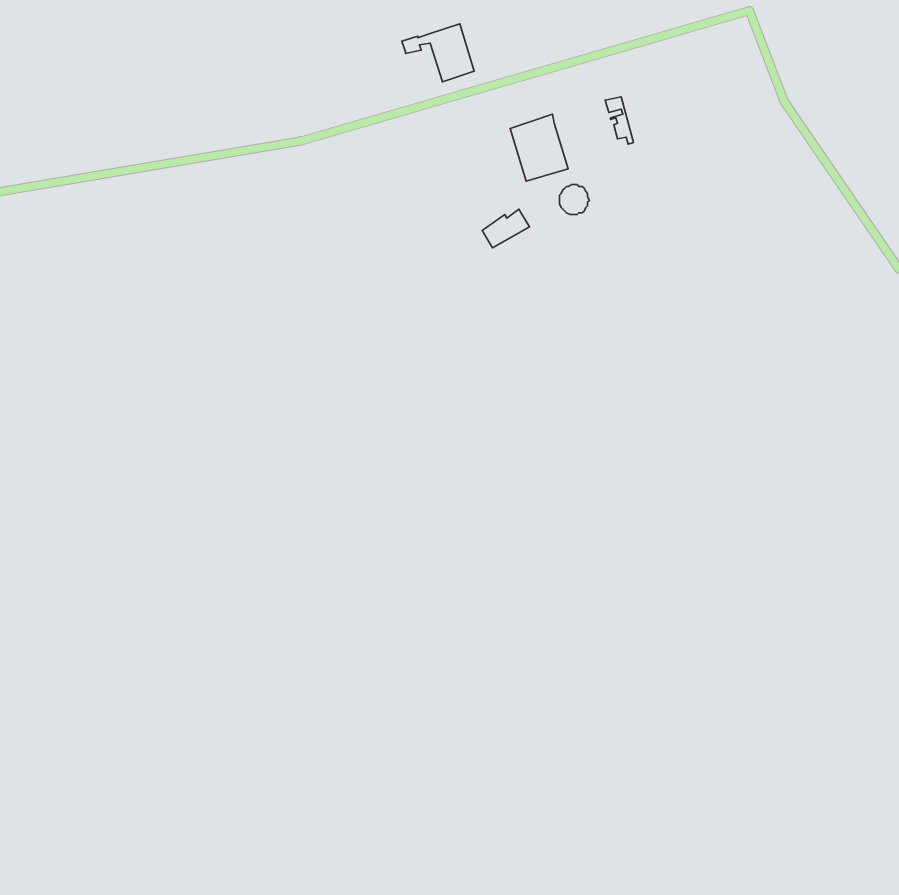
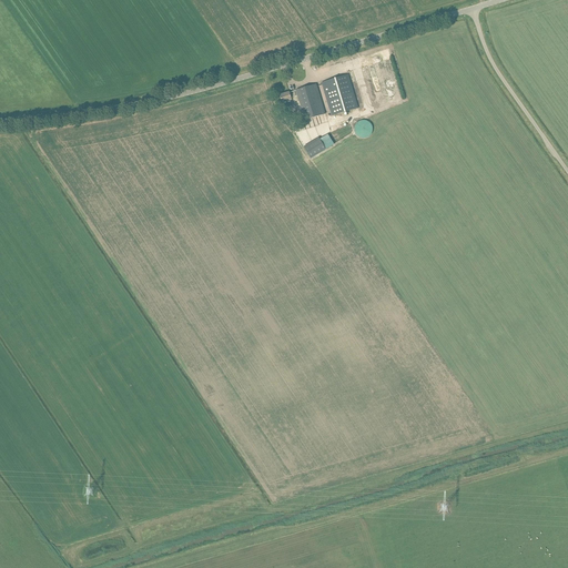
building: [402,24,474,82] -> [280,82,325,119]

